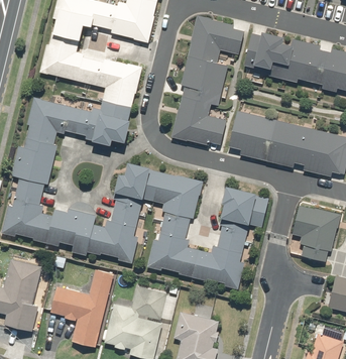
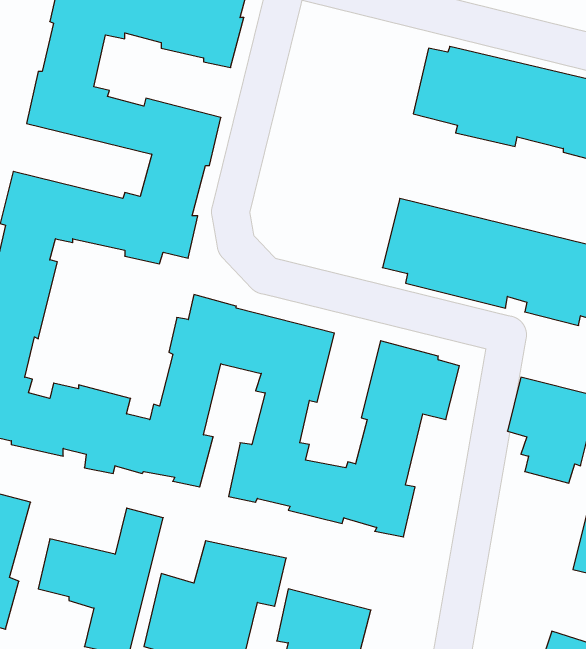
building: [172,15,243,145] -> none

